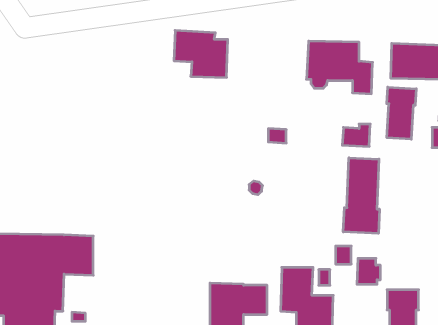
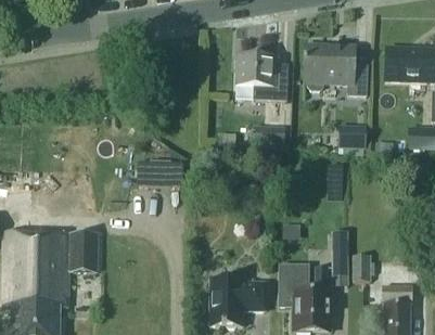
building: [174,30,228,77] -> [236,53,289,99]
building: [387,87,416,139] -> none
building: [343,158,379,233] -> none

